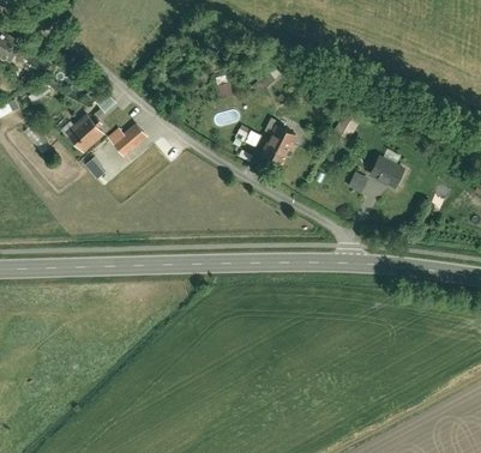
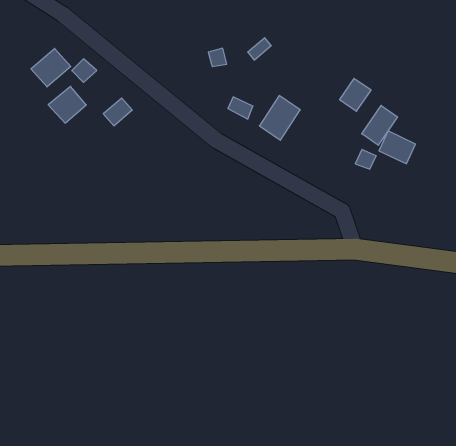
building: none -> [31,48,71,87]
building: none -> [362,105,398,145]

